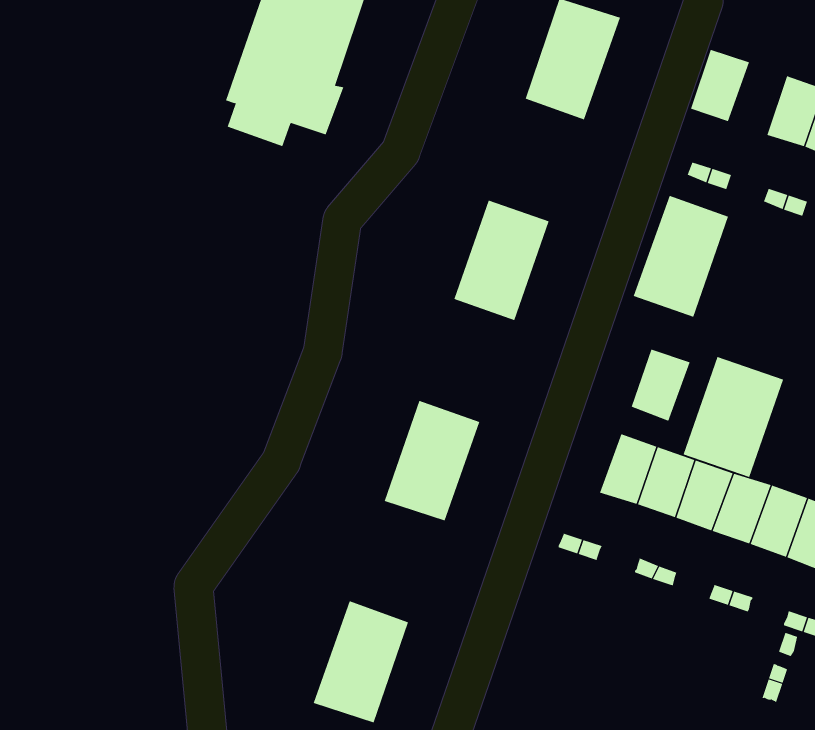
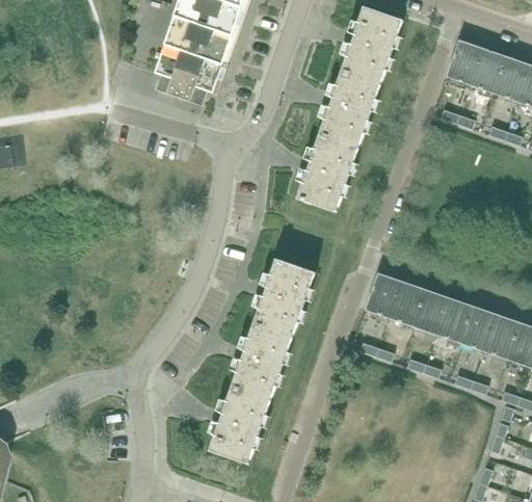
building: none -> [469,48,505,94]
building: [633,195,729,318] -> [318,71,378,148]
building: [631,349,690,422] -> [364,272,401,318]
building: [683,356,784,478] -> none
building: none -> [231,323,291,399]

